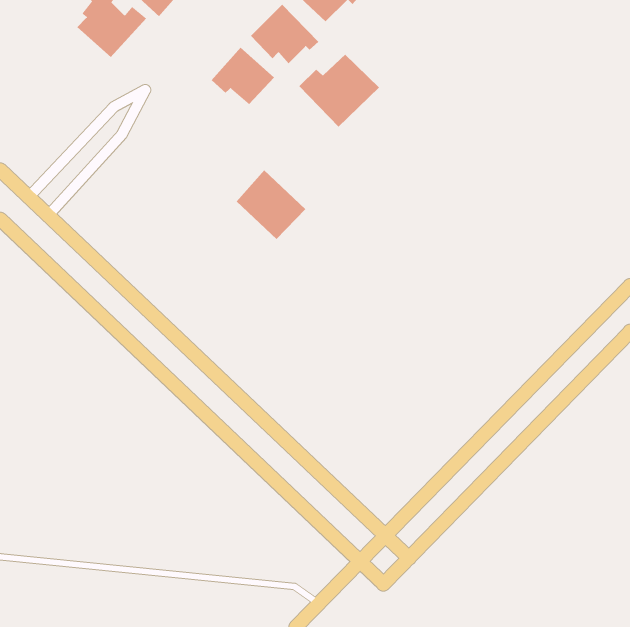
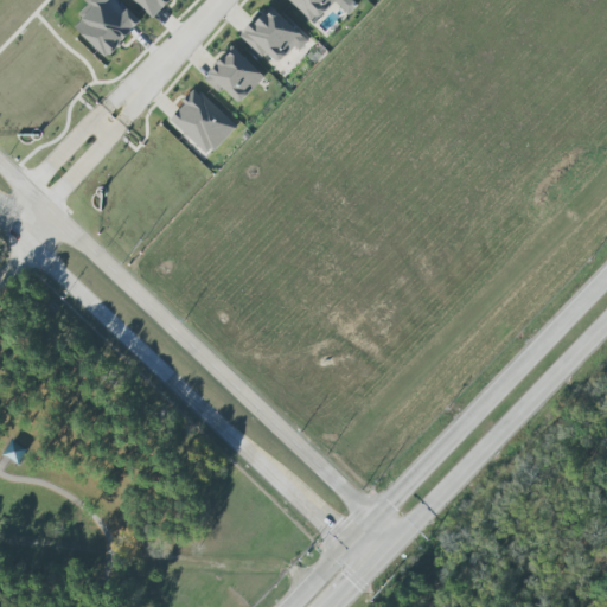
building: [299,54,380,128] -> none
building: [236,170,306,240] -> [168,87,236,154]

